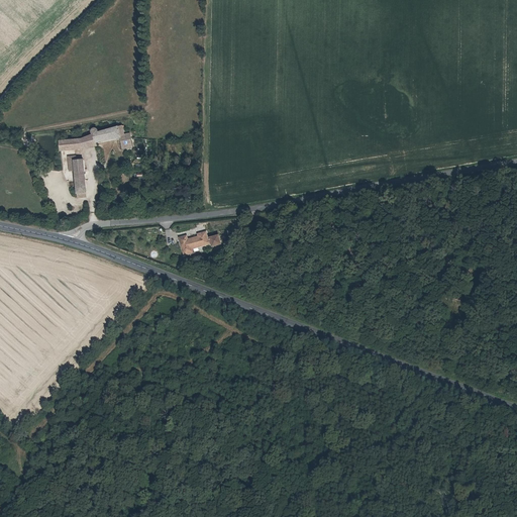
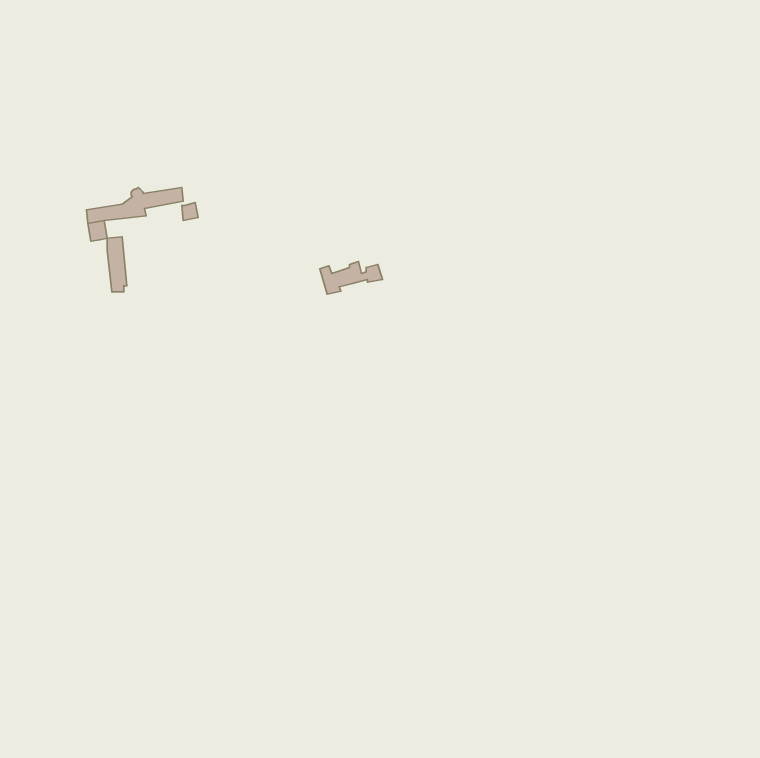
building: [179,231,221,253] -> [320,261,382,294]

